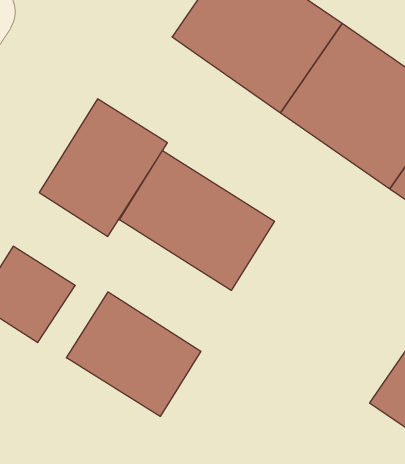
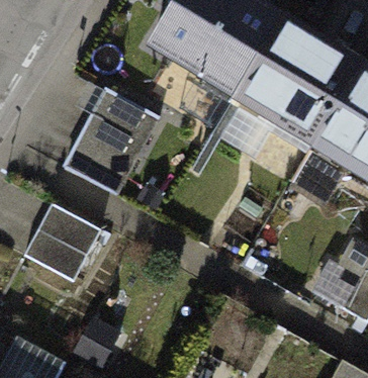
building: [119,151,274,290] -> none
building: [66,292,201,416] -> none

